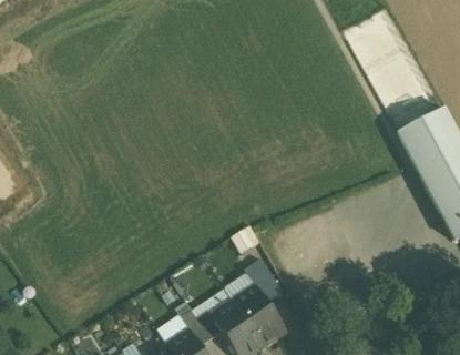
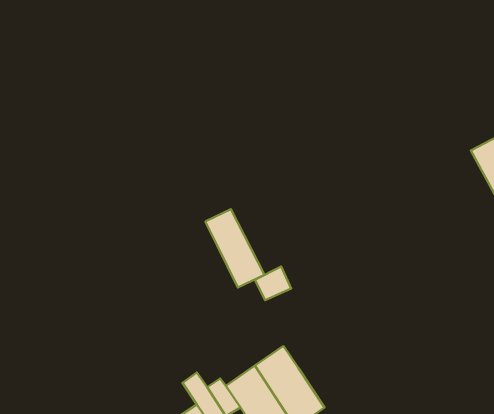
building: none -> [205,209,264,287]
building: [244,257,283,301] -> none

